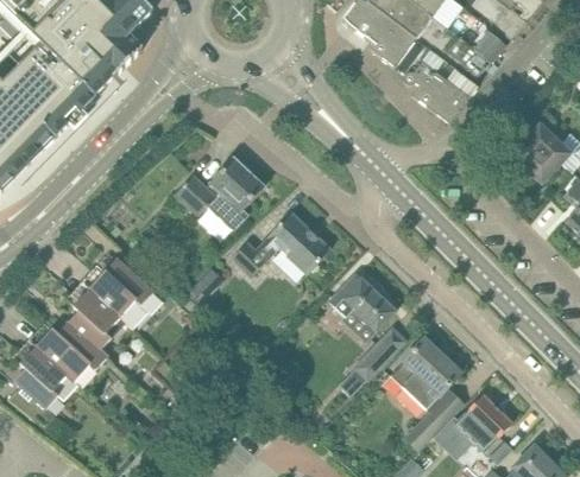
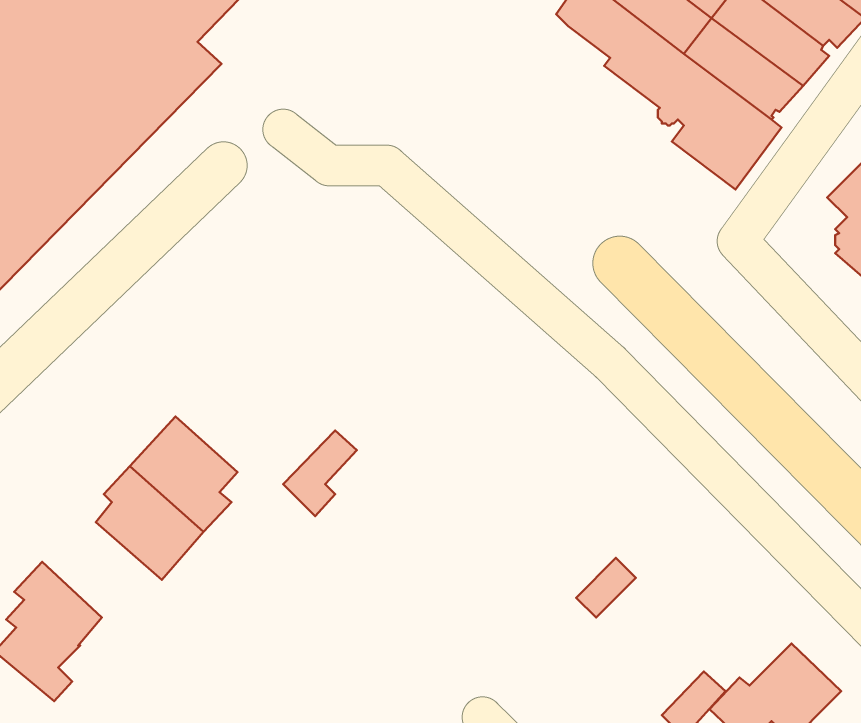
building: [176,158,263,228] -> none
building: [232,211,329,275] -> none
building: [322,273,395,332] -> none
building: [36,322,107,386] -> none
building: [390,338,460,407] -> none

